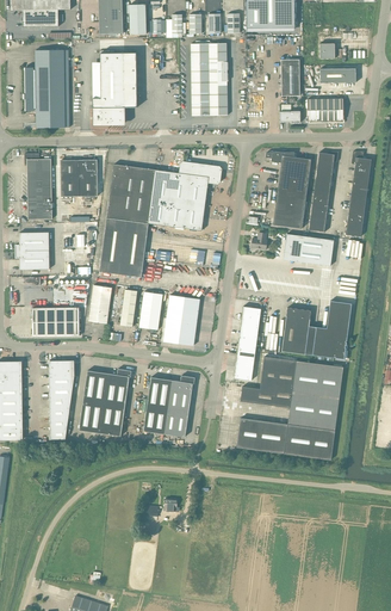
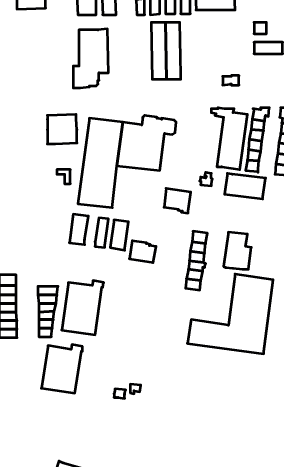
building: [26,49,69,126] -> none
building: [281,58,299,95] -> none
building: [306,98,345,122] -> none
building: [24,153,52,218] -> none
building: [15,232,49,269] -> none
building: [167,294,200,325] -> [164,188,191,213]
building: [312,300,352,358] -> none
building: [32,307,79,335] -> none
building: [240,356,296,407] -> none
building: [143,375,194,436] -> [41,345,82,393]

